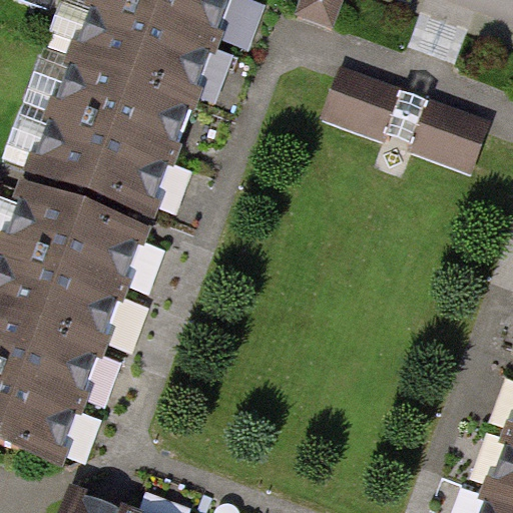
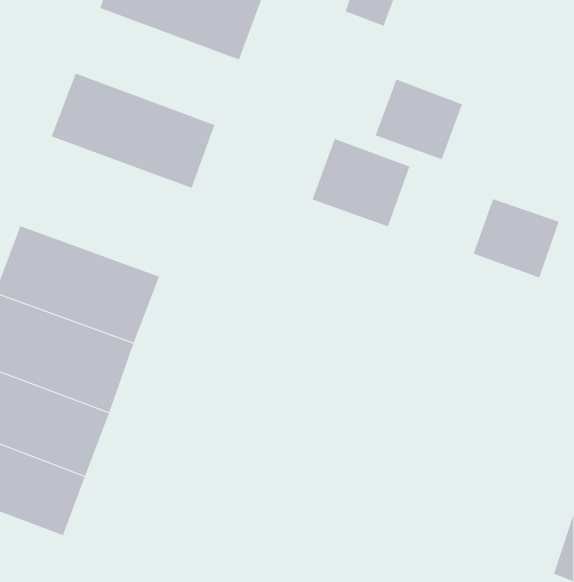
building: [65,7,207,108] -> none
building: [414,101,489,170] -> [473,198,559,278]
building: [24,118,166,219] -> none
building: none -> [312,138,410,227]

